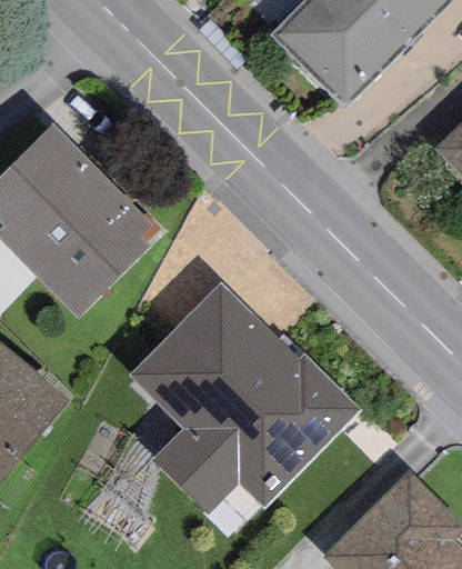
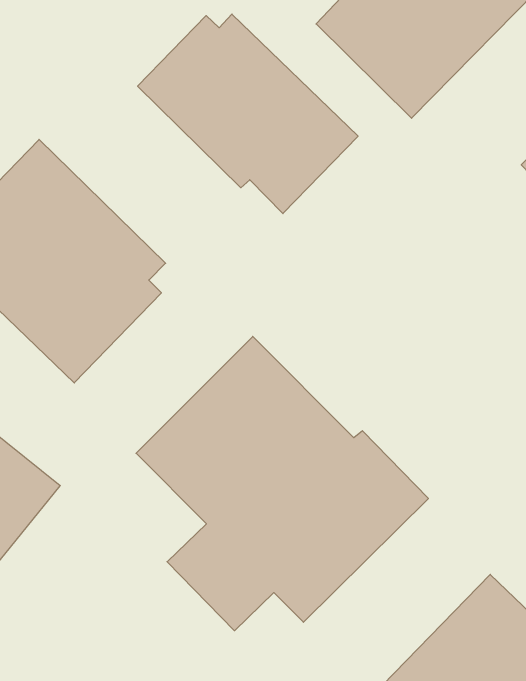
building: none -> [138,14,358,214]

